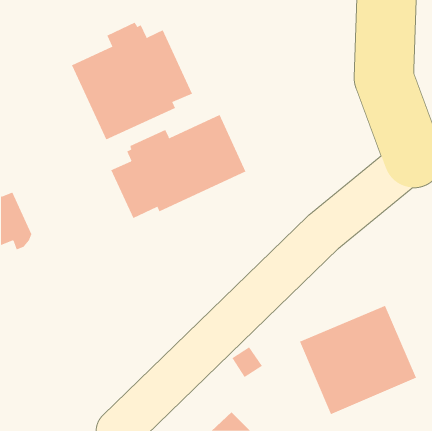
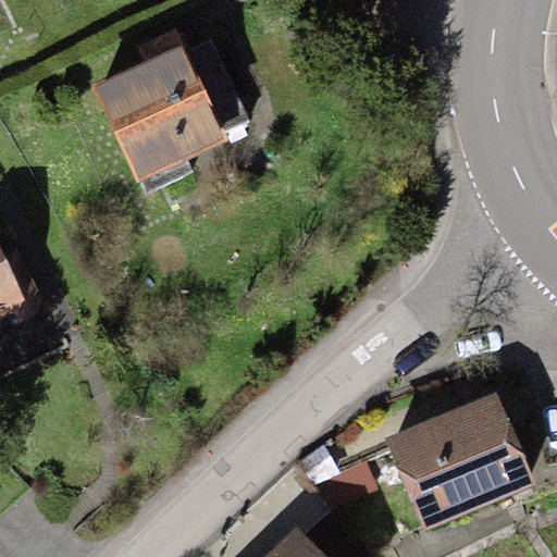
building: [111,114,246,219] -> none

